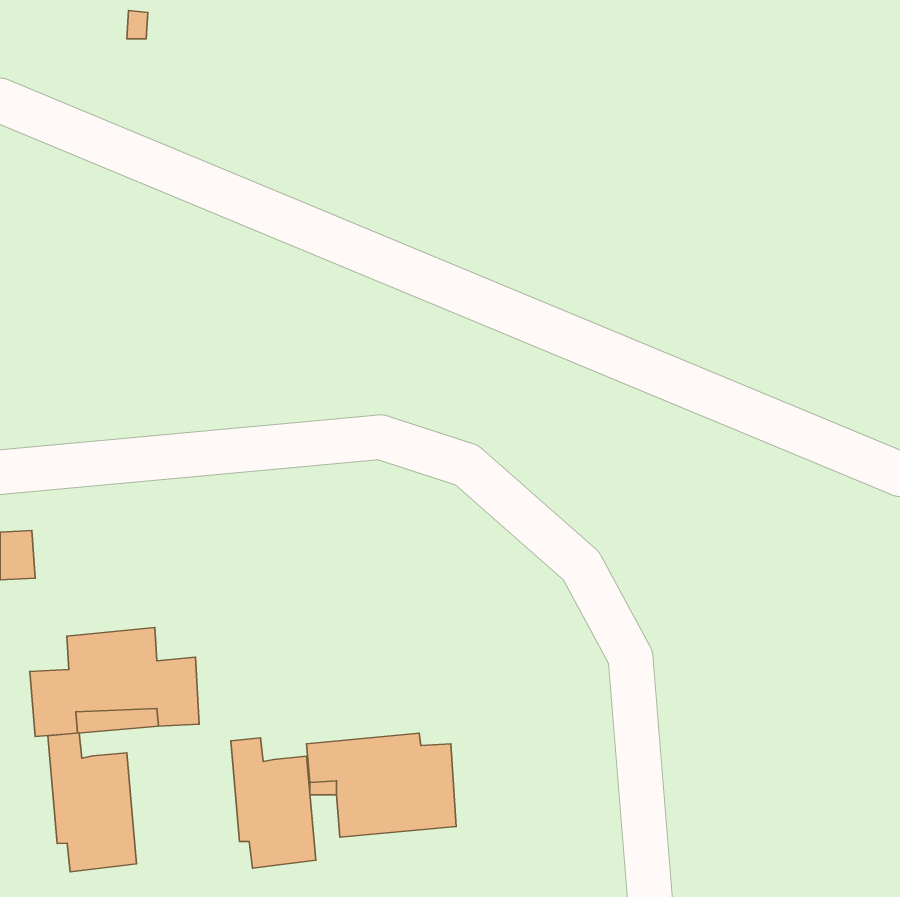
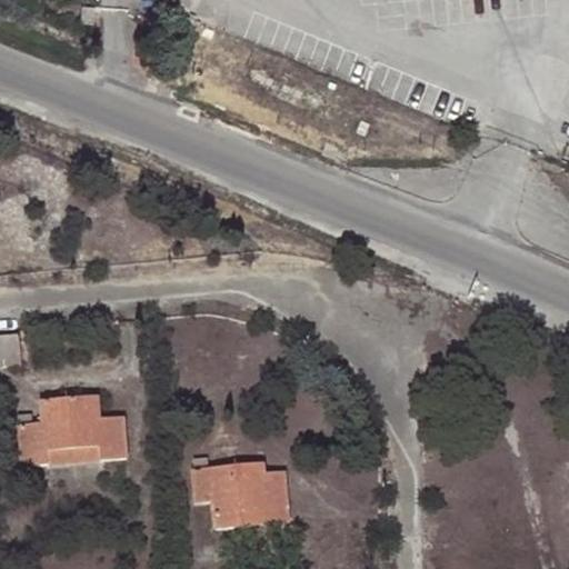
building: [48,733,136,872] -> none
building: [231,738,316,868] -> none

